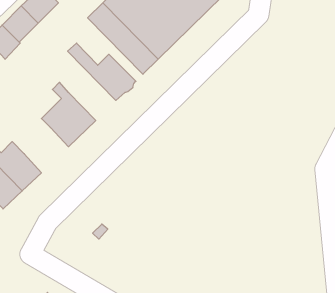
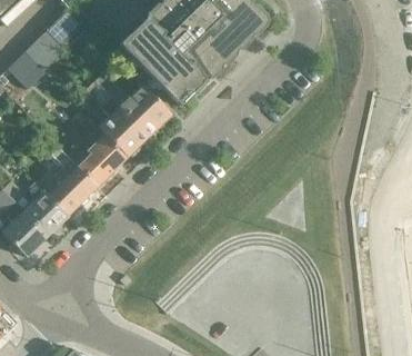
building: none -> [83,85,147,161]
building: none -> [46,150,94,219]

